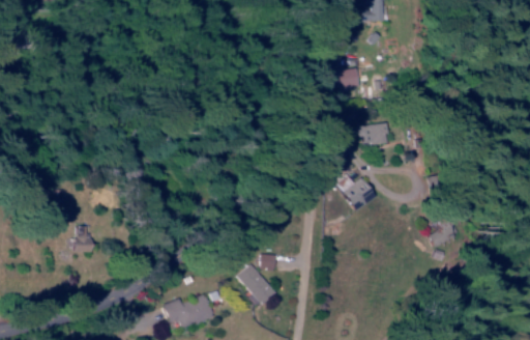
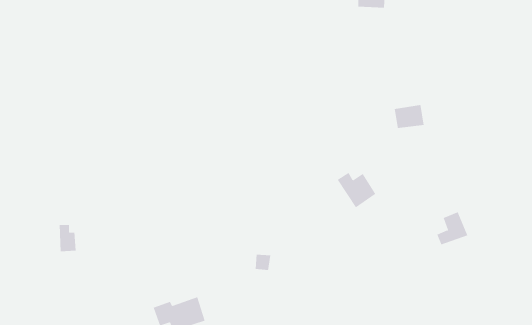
building: [335,67,360,90] -> none
building: [360,122,389,145] -> [394,104,425,128]
building: [235,264,274,304] -> none

